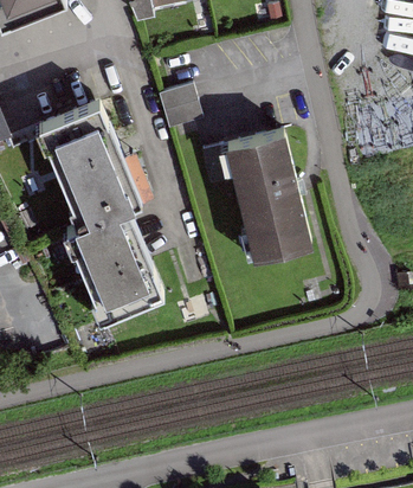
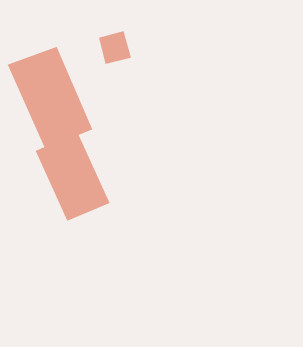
building: [220,134,306,261] -> none

